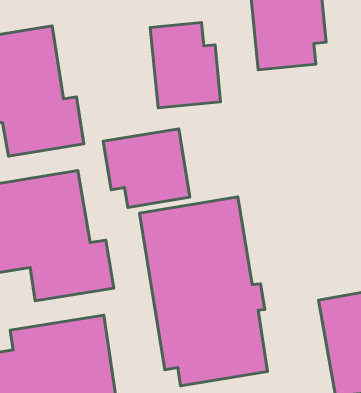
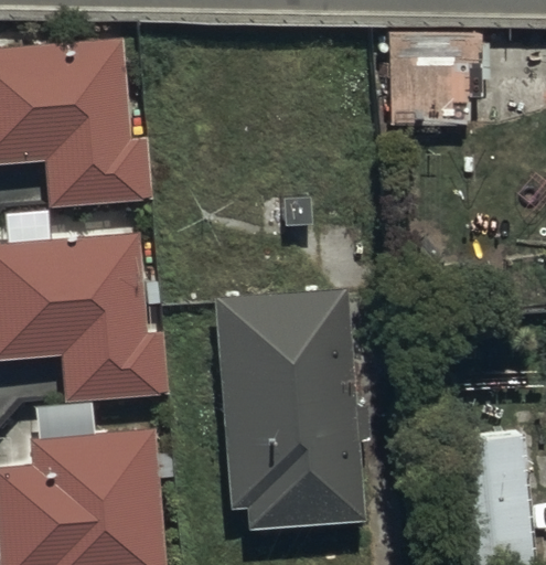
building: [150,23,221,108] -> none
building: [103,129,190,207] -> none

